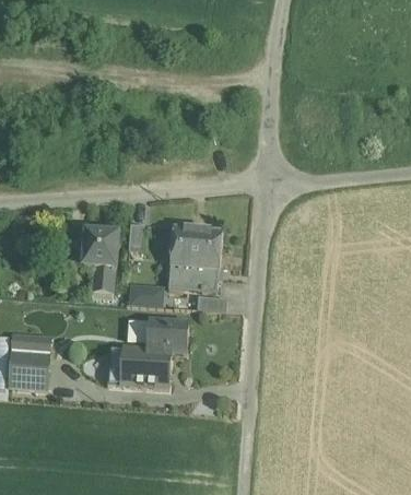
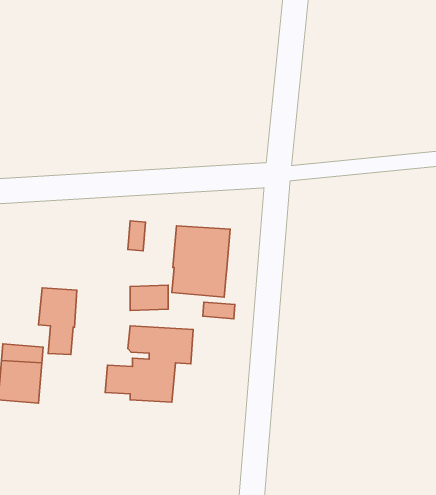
building: [82,229,117,291] -> [39,288,77,355]

